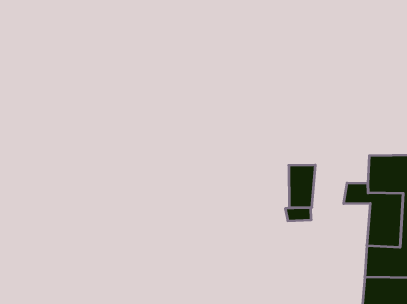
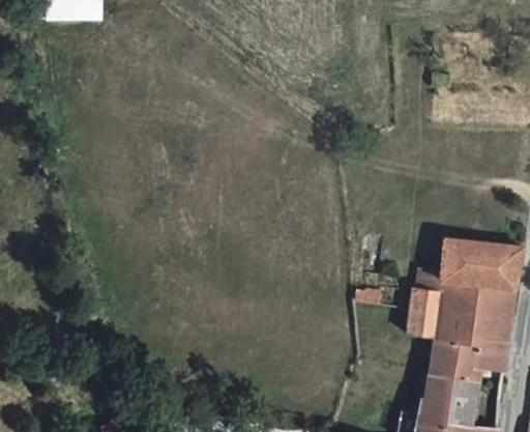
building: [289,165,315,207] -> [408,288,442,337]

